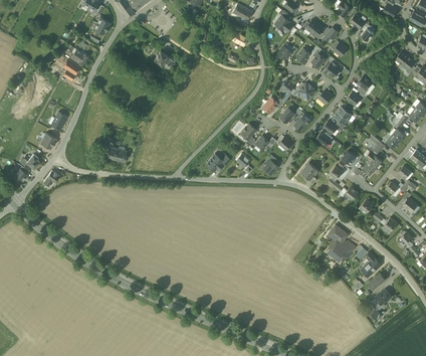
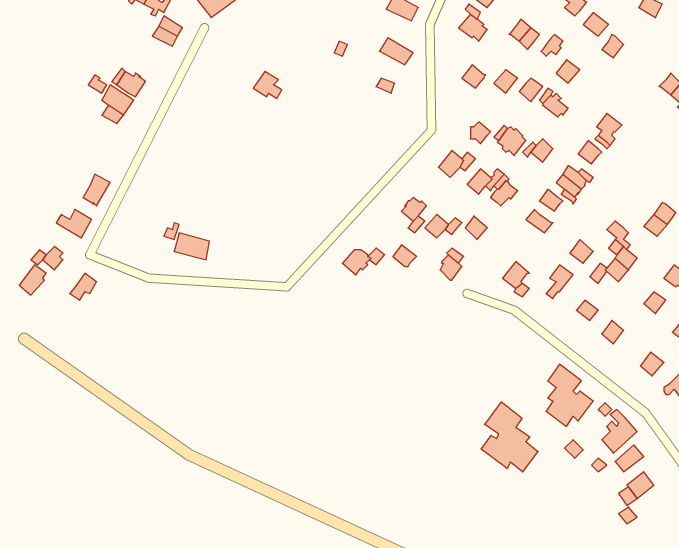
building: none -> [481,402,538,472]

